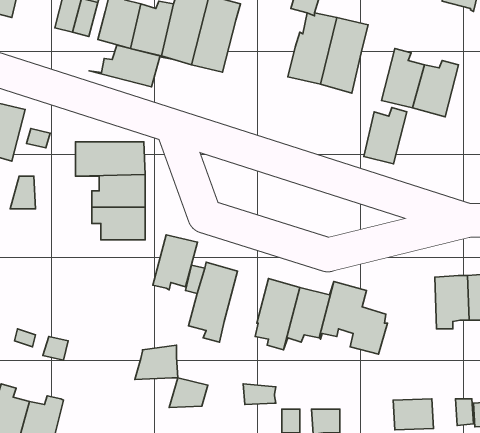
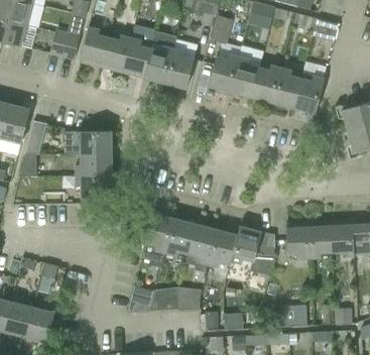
building: none -> [163,48,193,89]
building: [89,45,174,87] -> none
building: [364,107,407,164] -> [251,65,280,103]
building: [153,235,197,290] -> [164,219,195,256]
building: none -> [285,223,309,259]
building: [135,345,178,379] -> [149,287,178,311]

